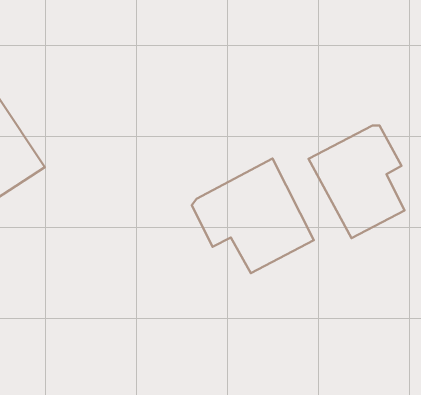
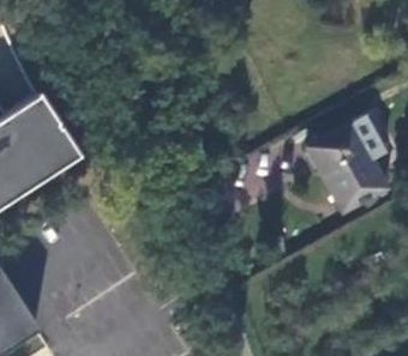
building: [192,158,314,273] -> none

